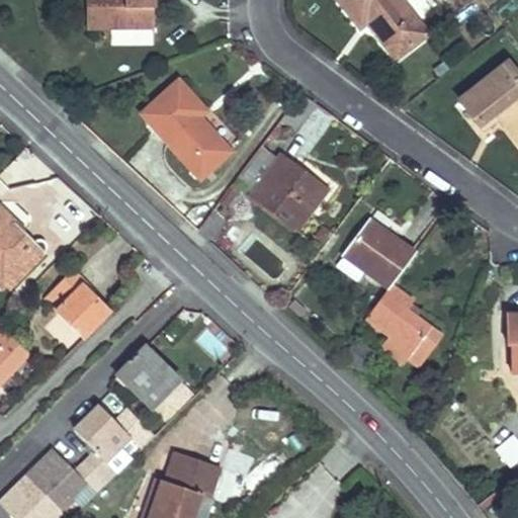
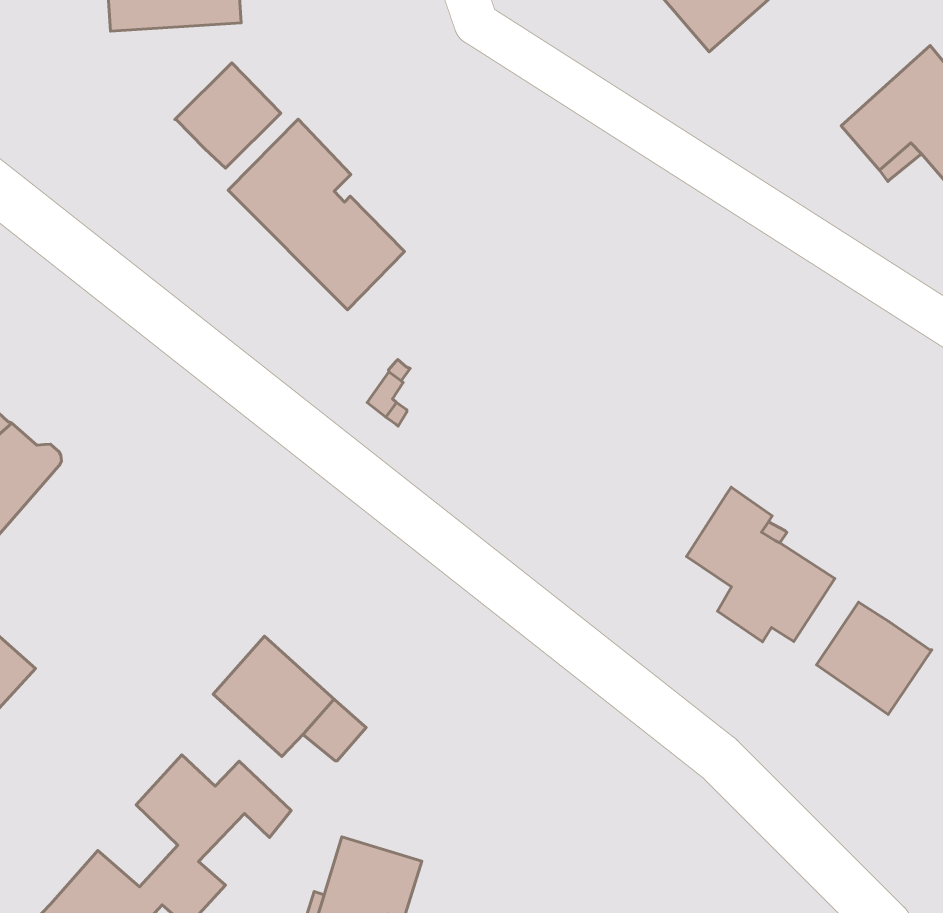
building: none -> [175,63,281,168]
building: [236,146,328,230] -> none
building: [339,219,415,287] -> none
building: [45,269,110,337] -> none
building: none -> [816,602,932,714]

